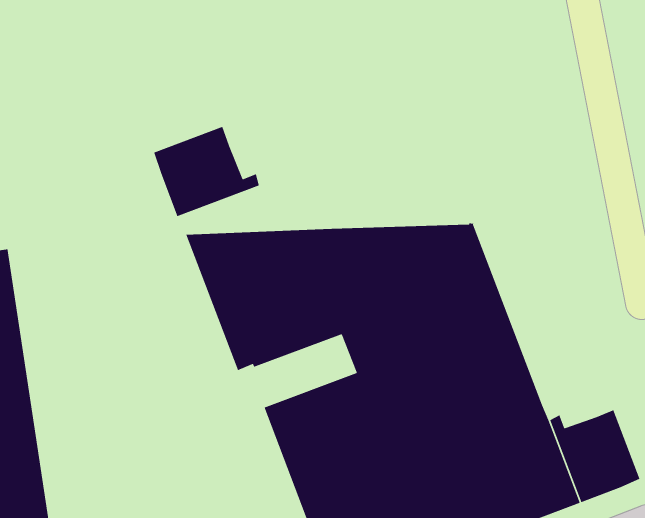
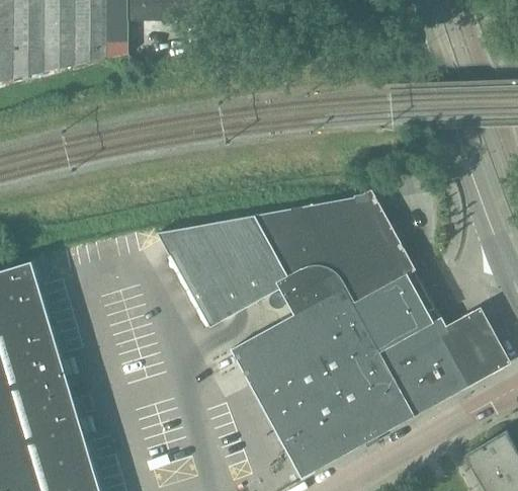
building: [153,126,260,217] -> none

